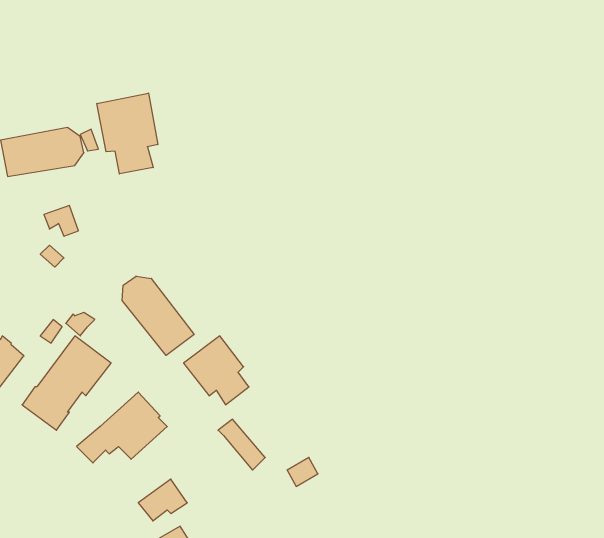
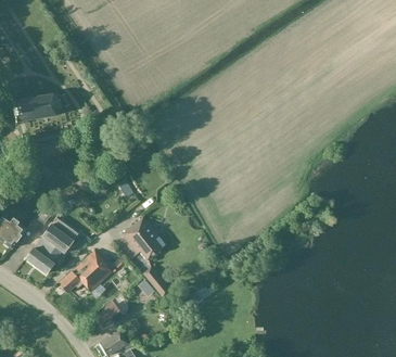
building: [97,93,158,174] -> none
building: [122,276,194,355] -> none

